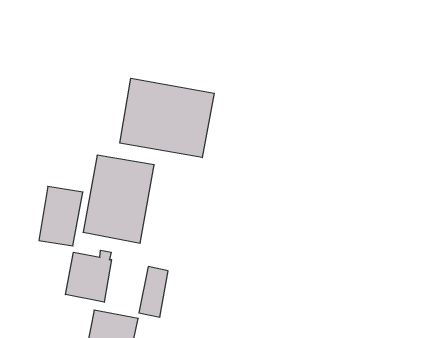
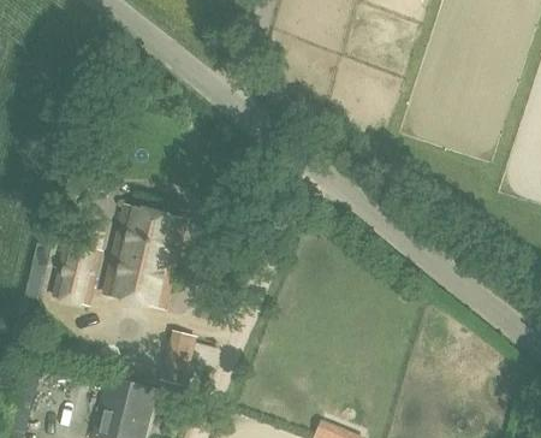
building: [120,78,214,158] -> none
building: [65,250,112,302] -> none

